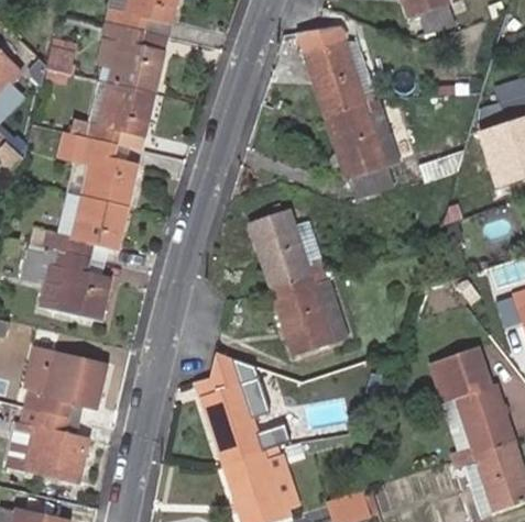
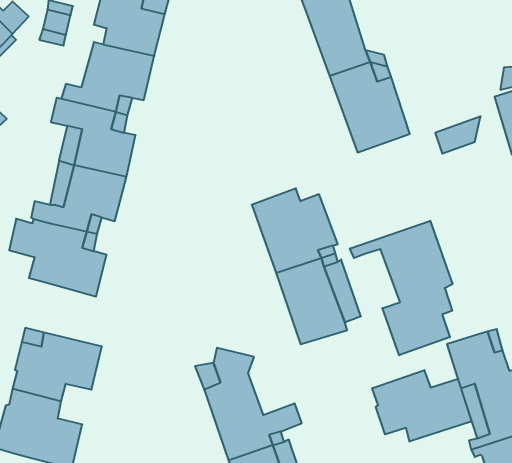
building: none -> [350,221,453,355]
building: none -> [372,370,472,442]

